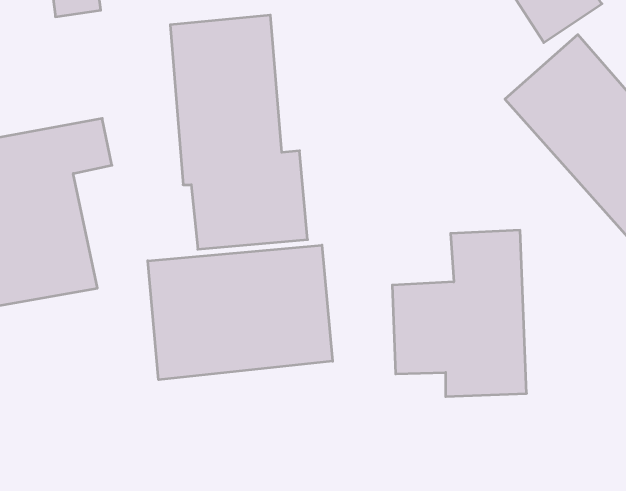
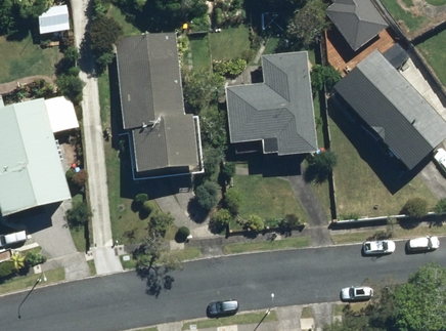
building: [392,230,527,397] -> [227,48,312,154]
building: [148,245,333,380] -> none

